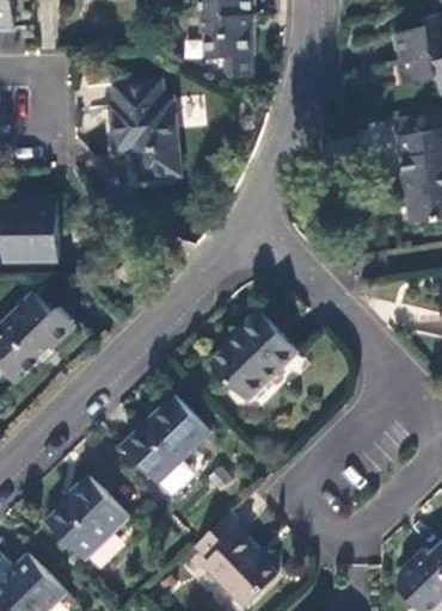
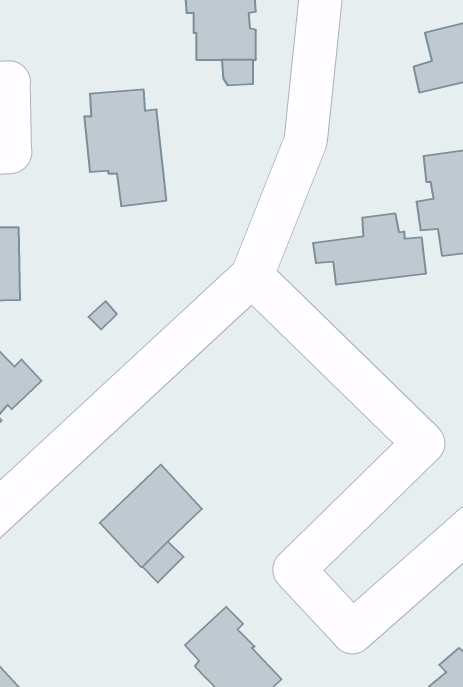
building: none -> [313,213,426,285]
building: [210,313,295,399] -> none
building: [44,475,125,557] -> none

